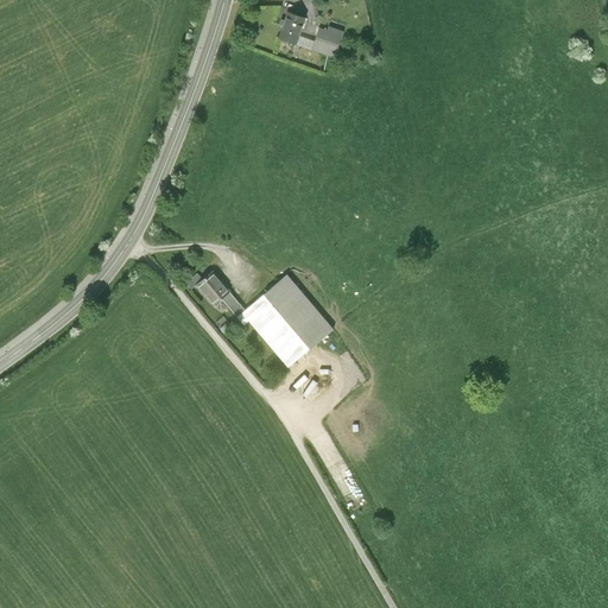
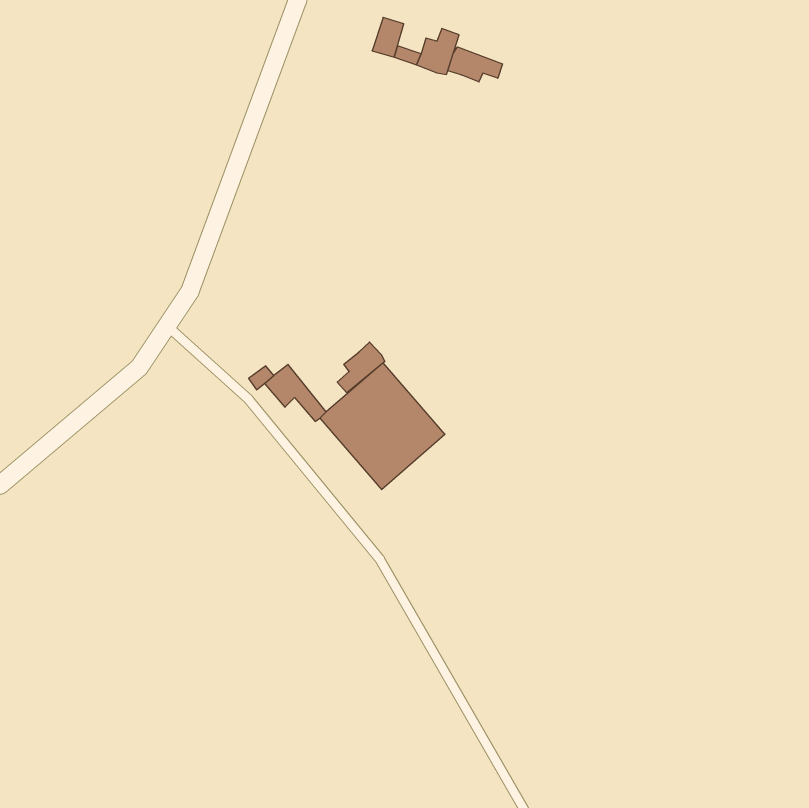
building: none -> [448,47,503,82]
building: none -> [337,342,385,393]

